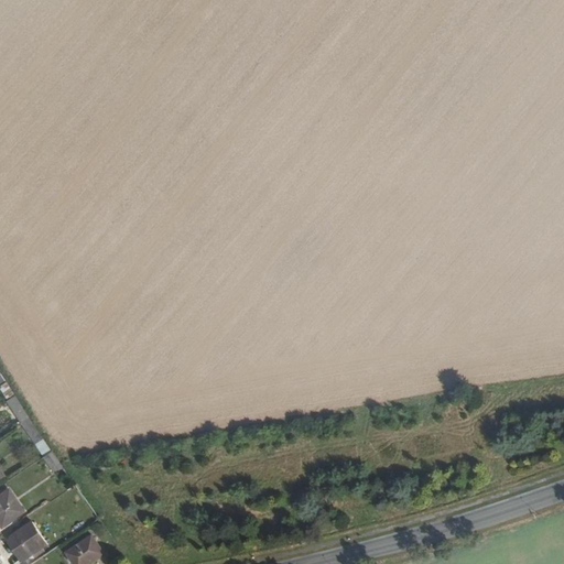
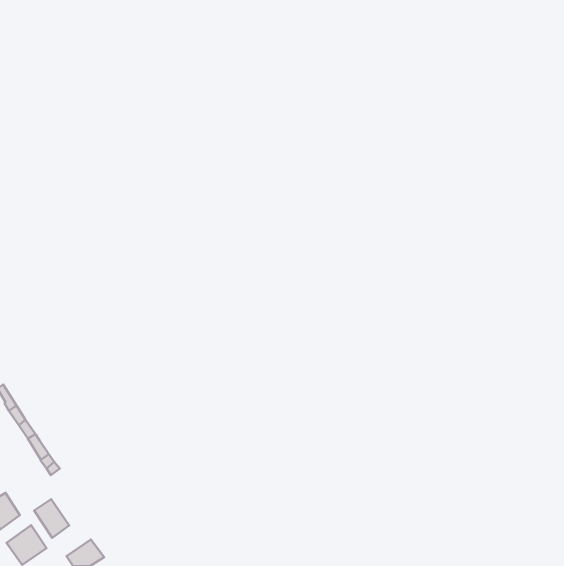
building: none -> [34,499,69,538]

